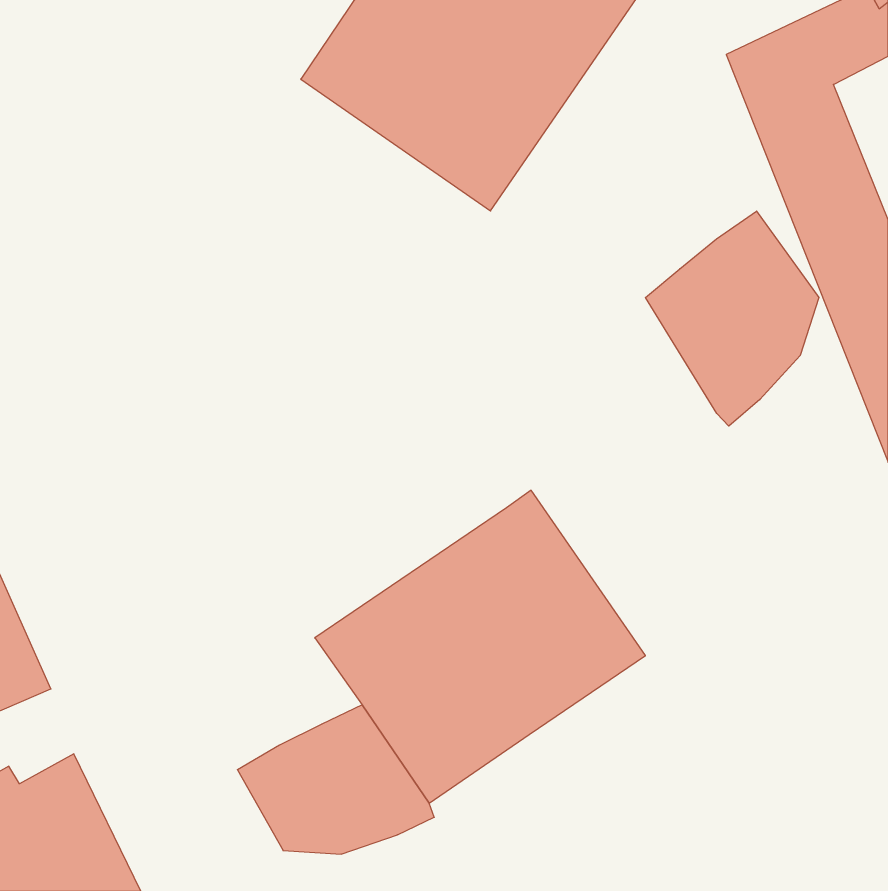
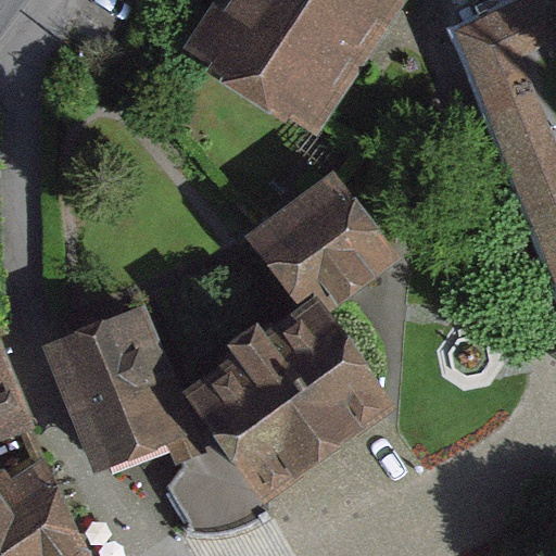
building: [645,211,819,426] -> none
building: none -> [257,177,397,314]
building: none -> [59,312,199,468]

